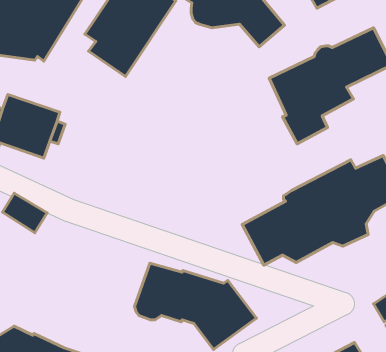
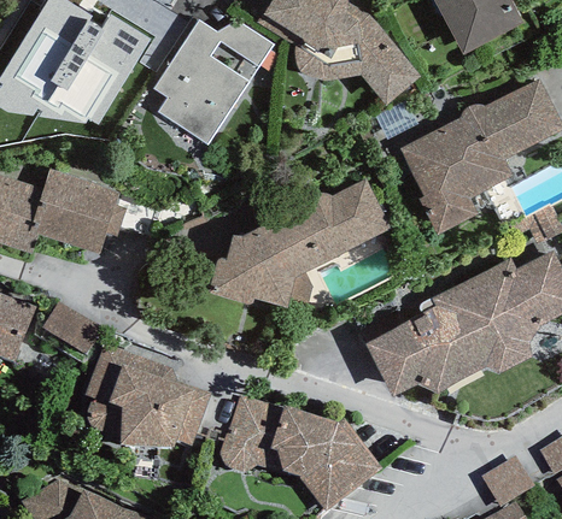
building: none -> [209,179,391,307]
building: none -> [84,343,212,447]
building: none -> [481,455,534,506]

